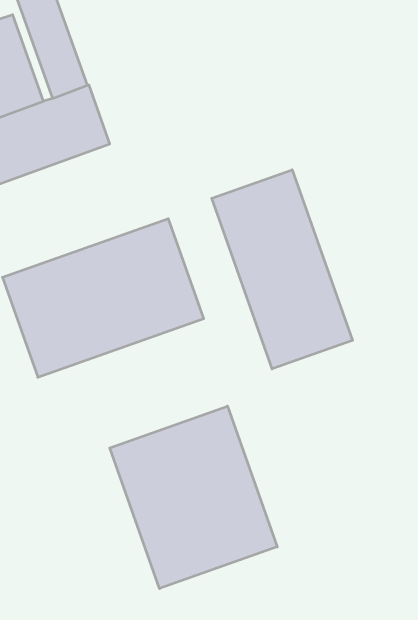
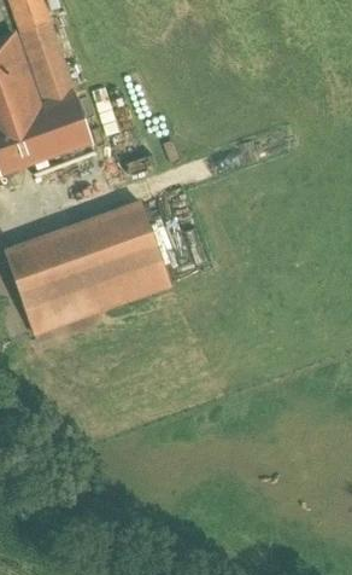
building: [212,170,353,369] -> none
building: [110,406,277,589] -> none

